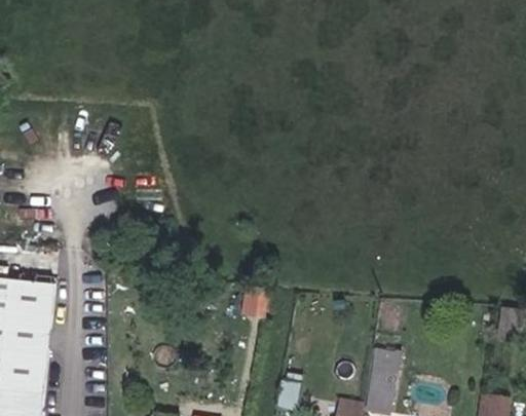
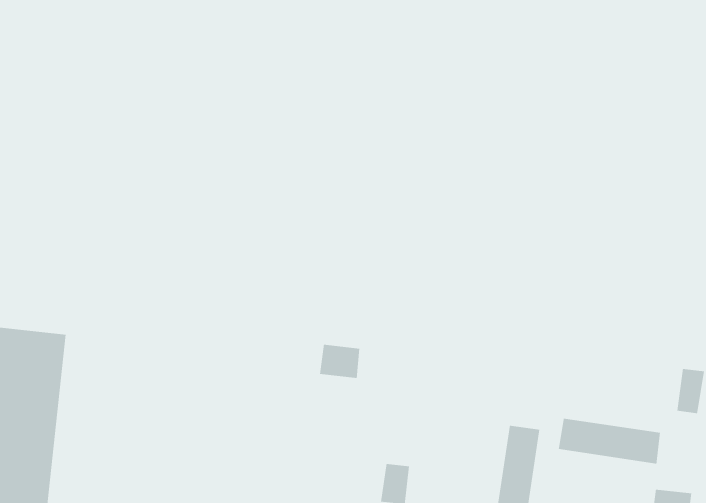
building: none -> [558,418,661,464]

